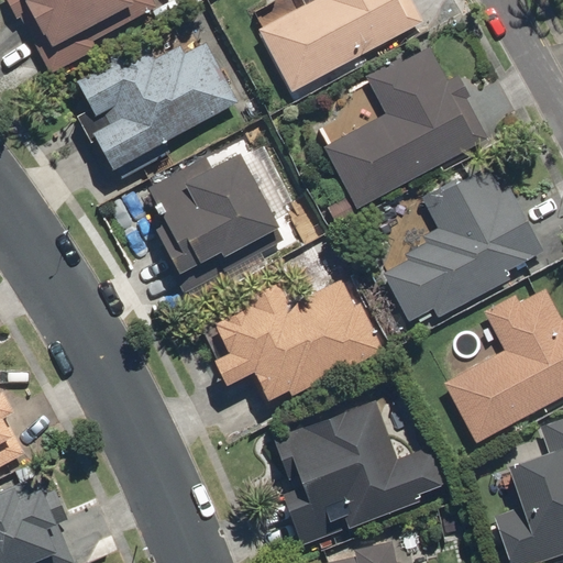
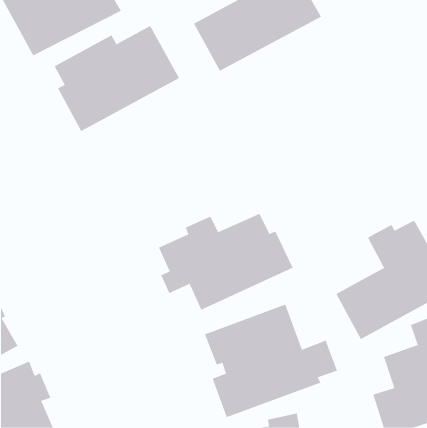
building: [322,43,489,211] -> none
building: [144,152,286,292] -> none
building: [379,163,544,322] -> none

